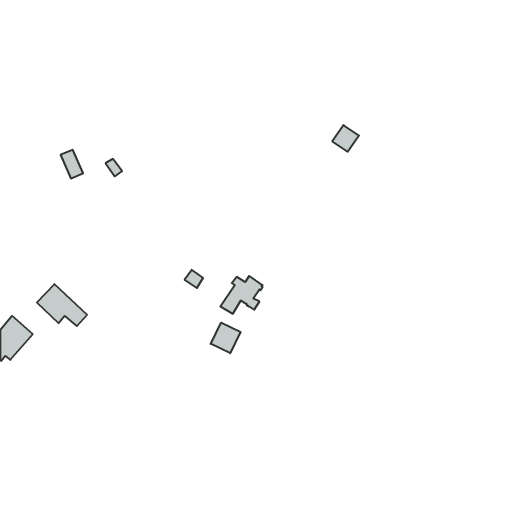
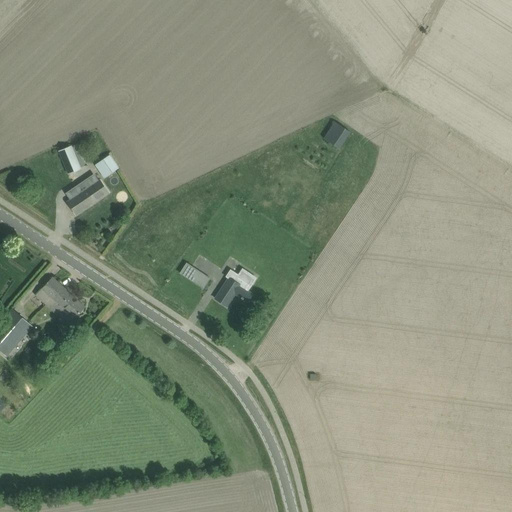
building: none -> [68,181,108,215]
building: [211,323,241,353] -> none

